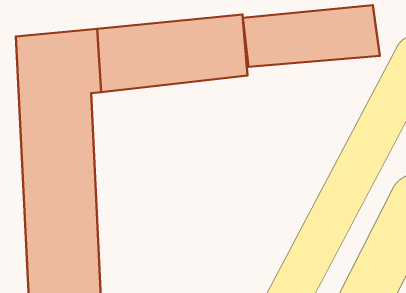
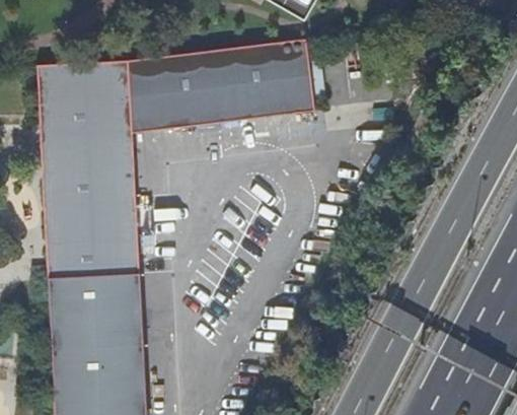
building: [243,5,380,67] -> none

